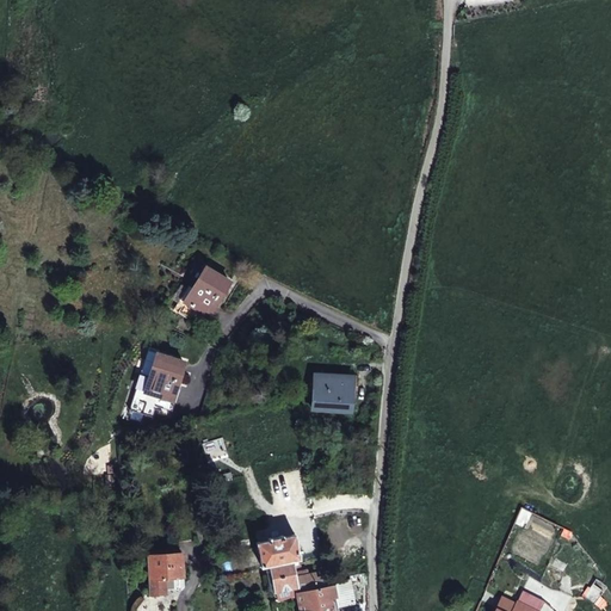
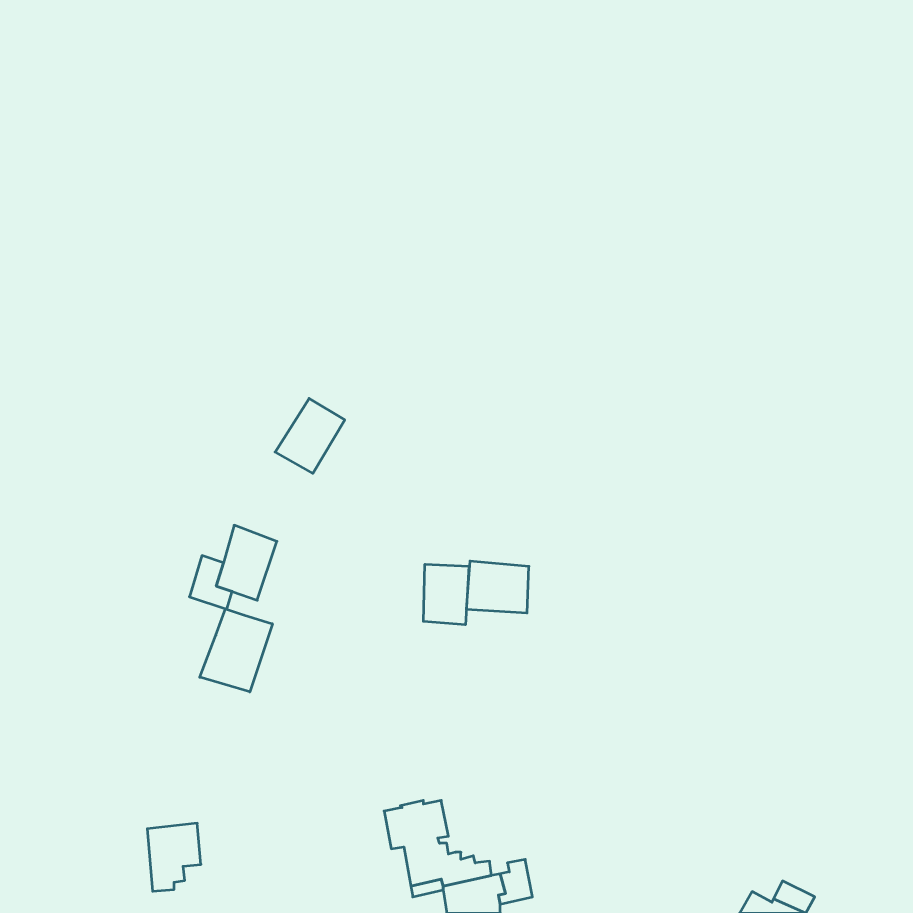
building: none -> [423,564,469,625]
building: none -> [200,609,272,692]
building: [148,550,184,595] -> [147,823,201,891]

